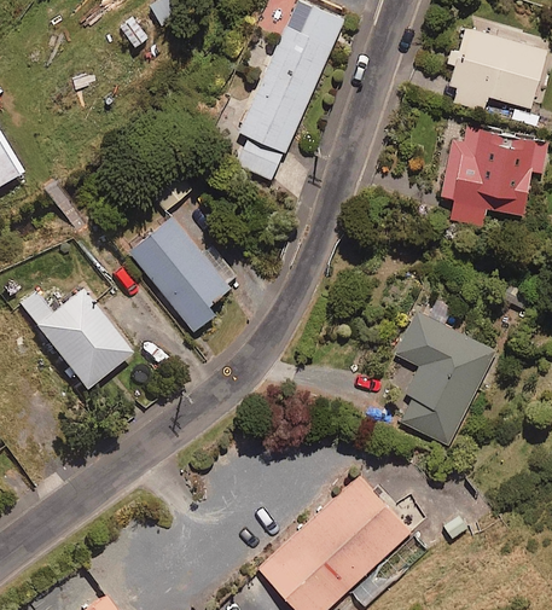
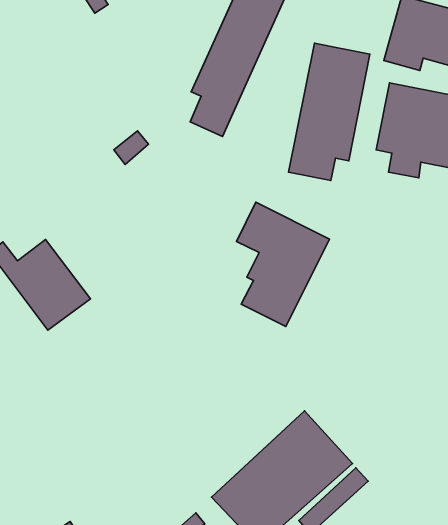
building: none -> [289,43,370,181]
building: [129,199,239,332] -> none
building: [396,312,496,446] -> [237,202,330,327]

